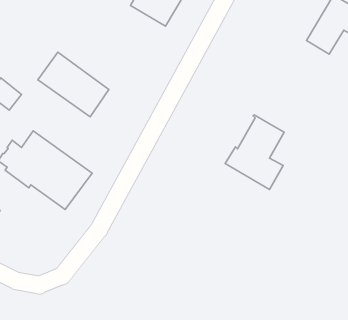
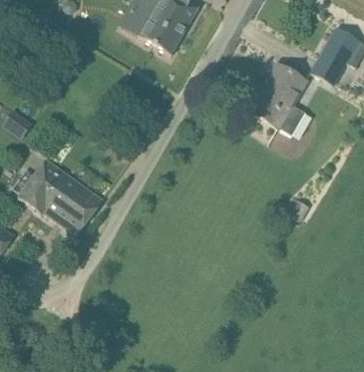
building: [38,52,109,117] -> none
building: [225,115,284,189] -> [248,62,305,134]

